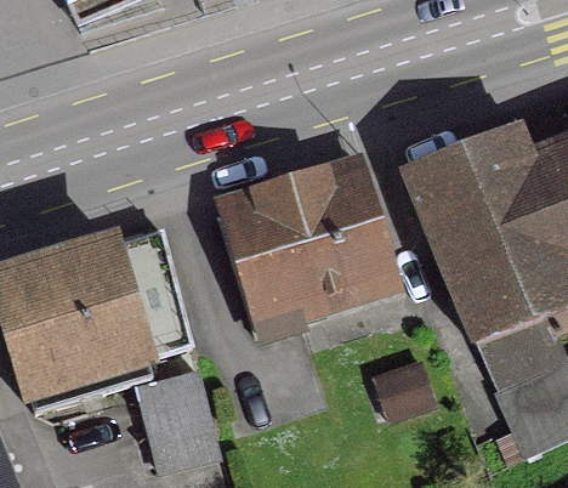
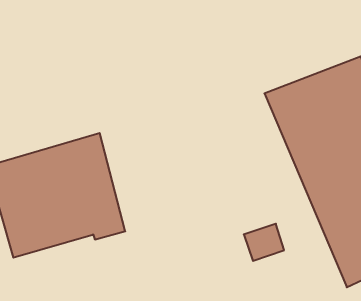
building: [212,164,392,333] -> none
building: [136,370,217,466] -> none

